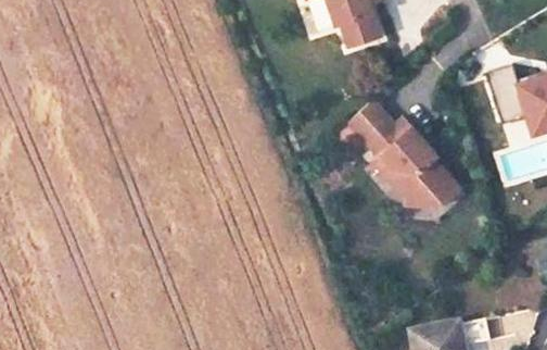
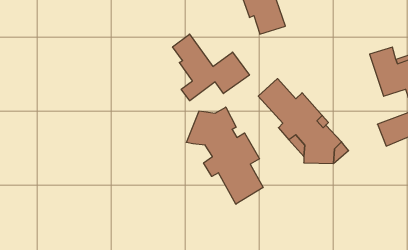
building: none -> [173,34,249,101]
building: none -> [186,107,263,204]

